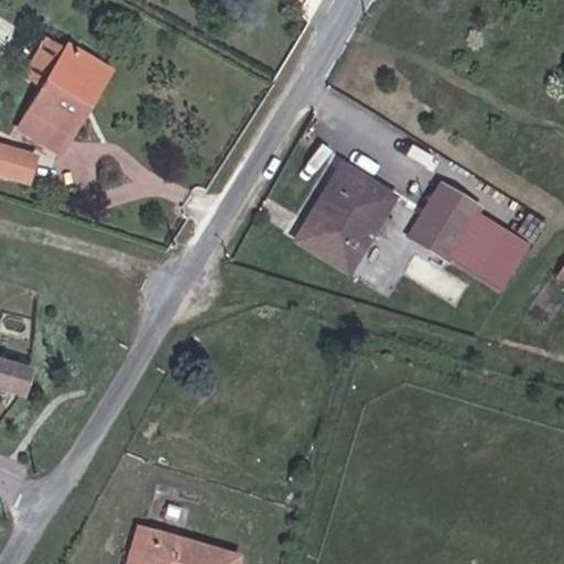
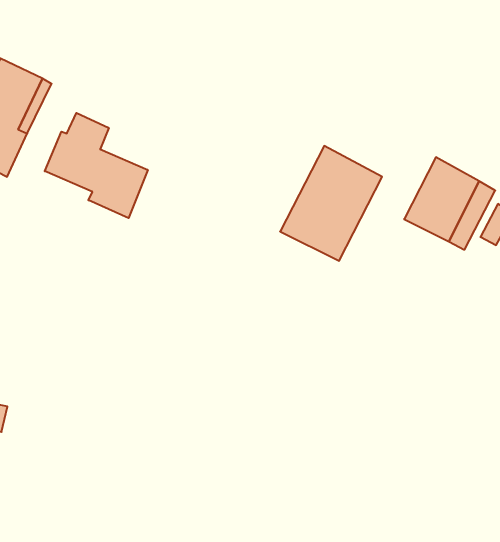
building: none -> [45,113,148,218]

